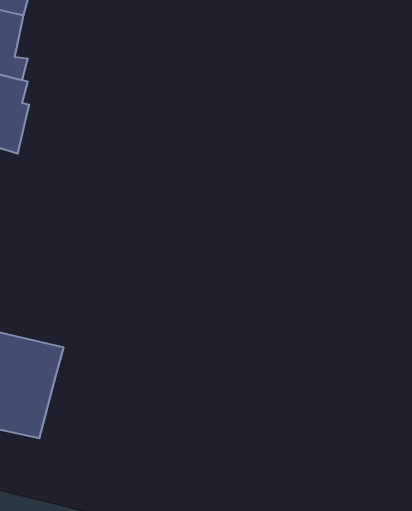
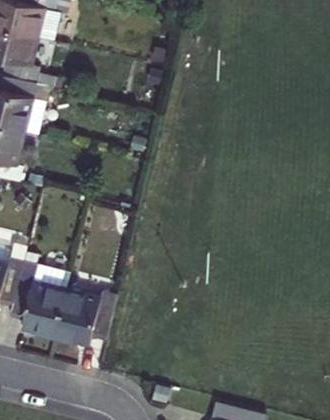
building: none -> [49,289,109,343]

